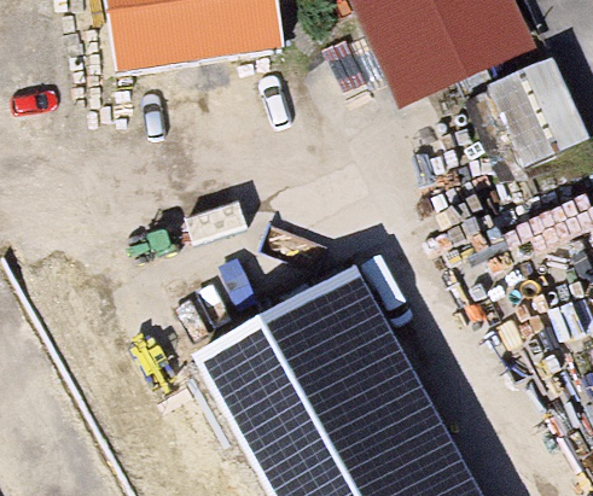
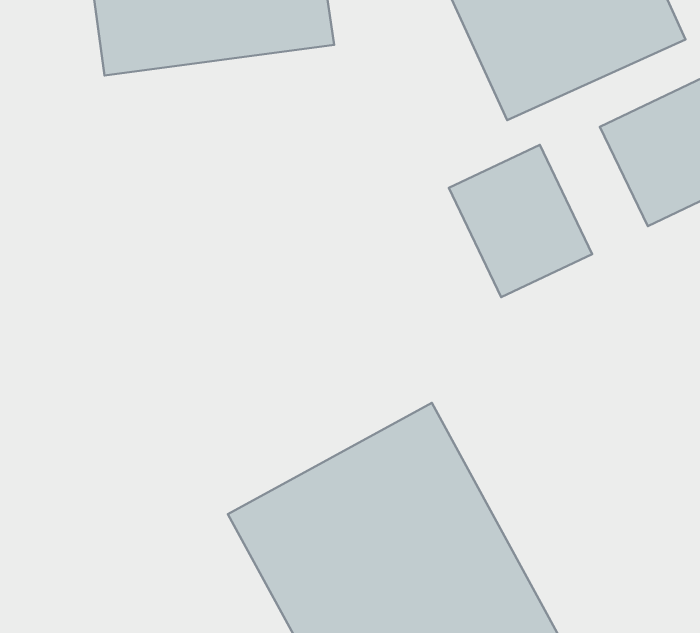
building: none -> [449,145,592,297]

